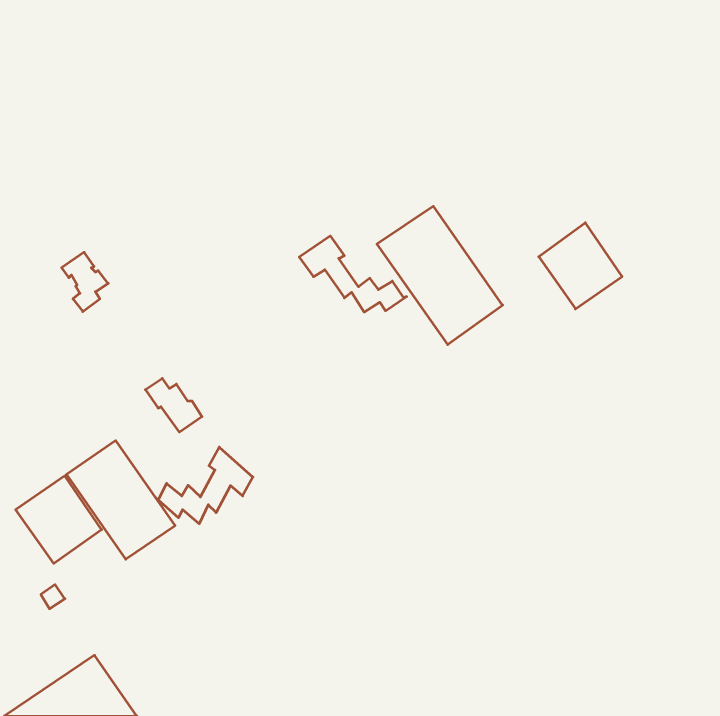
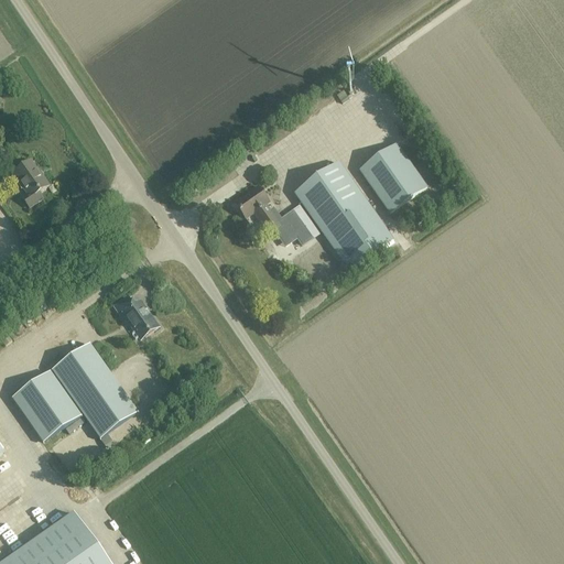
building: [539,223,622,309] -> [360,143,425,210]
building: [62,252,108,312] -> [12,159,48,205]
building: [156,447,253,524] -> none

